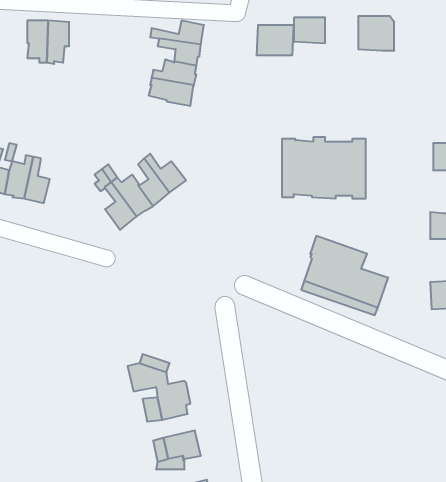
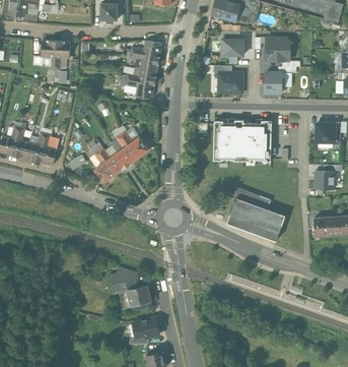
building: [256,25,294,55] -> [217,72,242,93]
building: none -> [264,72,283,94]

